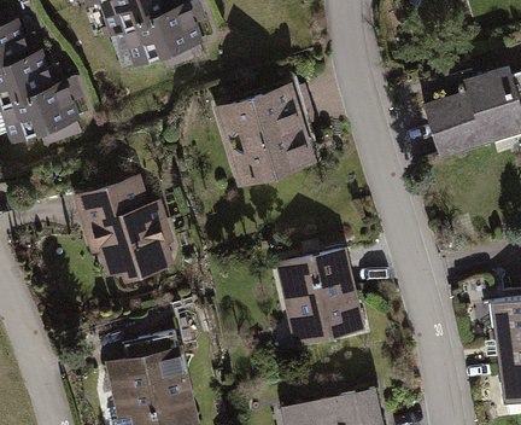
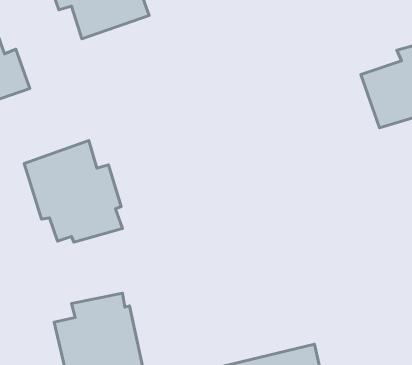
building: [216,83,316,187] -> none
building: [275,248,367,345] -> none

